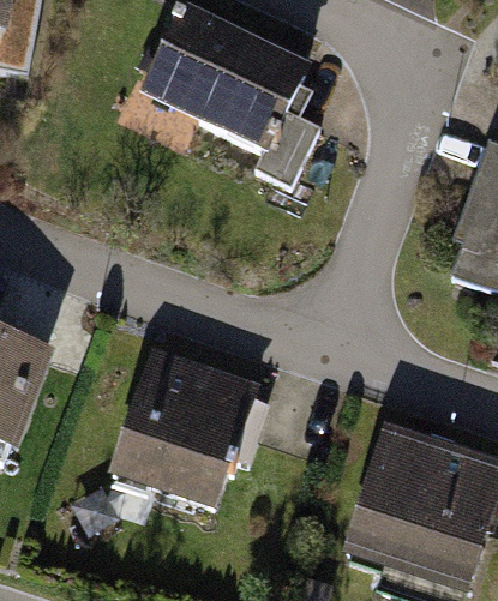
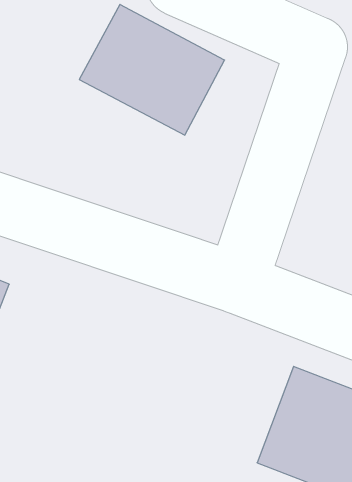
building: [115,345,270,503] -> none

